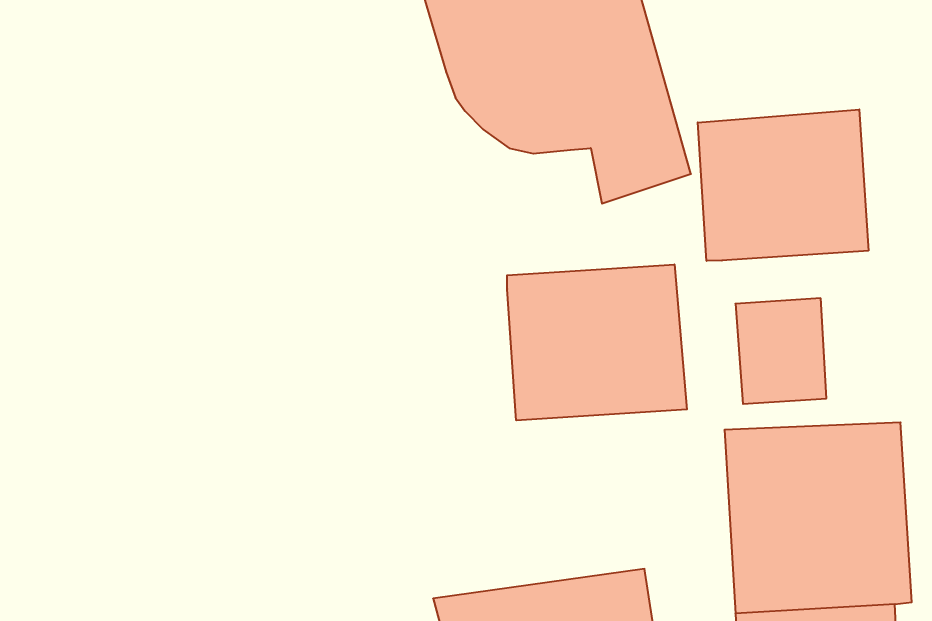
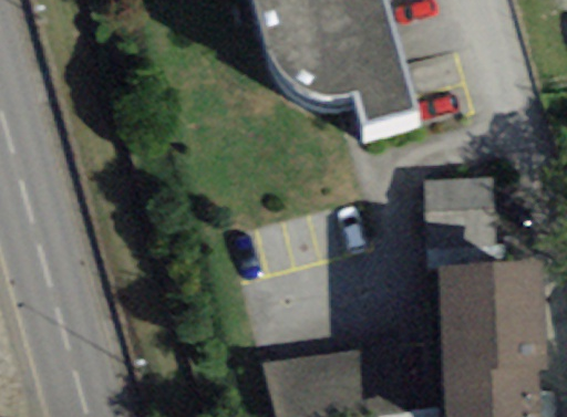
building: [698,109,868,261] -> none
building: [507,264,687,420] -> none

